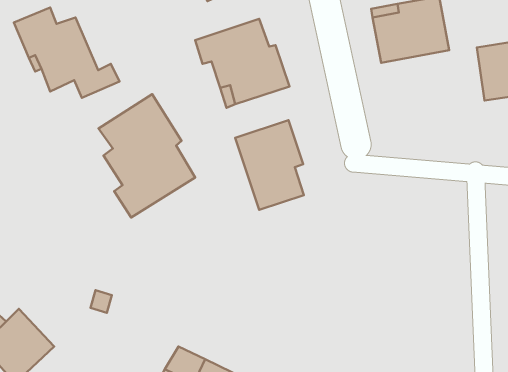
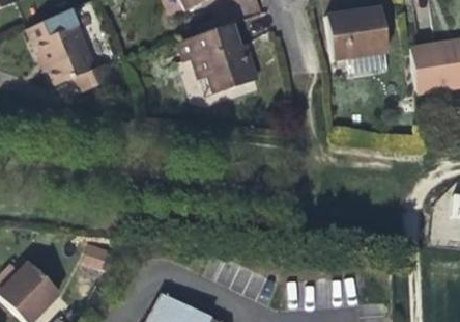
building: [99,94,195,218] -> none
building: [235,120,304,210] -> none

